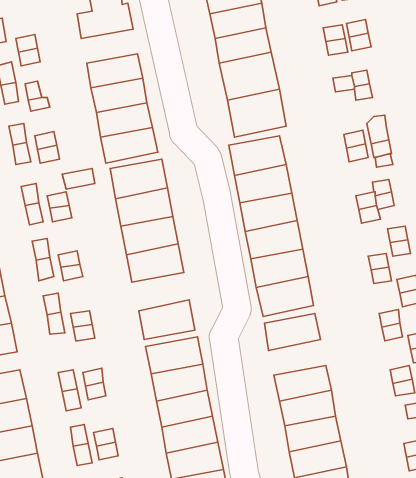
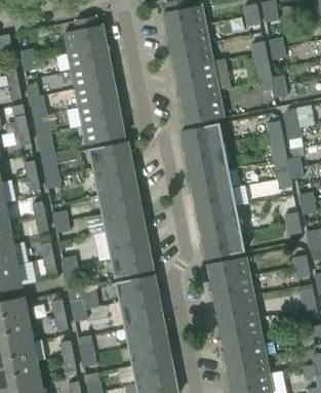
building: none -> [69,44,111,70]
building: none -> [107,227,150,256]
building: none -> [209,277,252,304]

